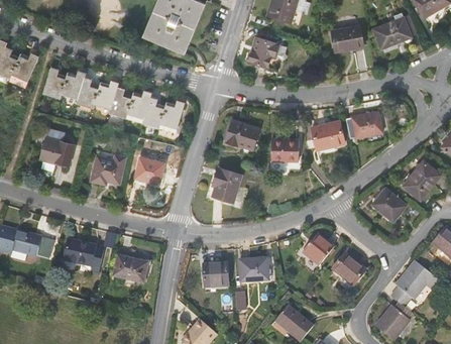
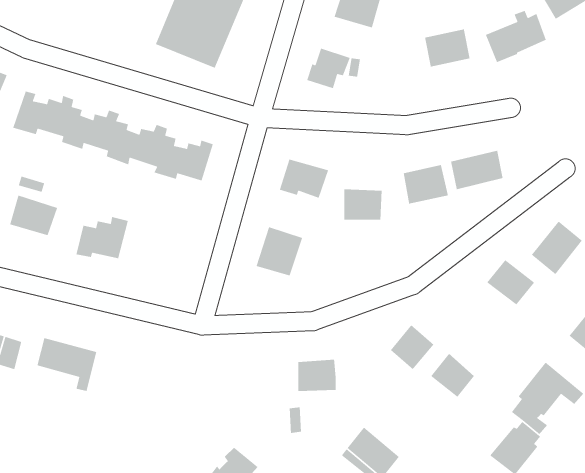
building: [132,159,161,186] -> none
building: [110,256,145,284] -> none
building: [204,260,228,284] -> none

